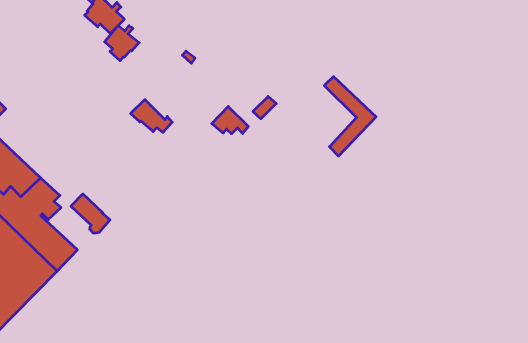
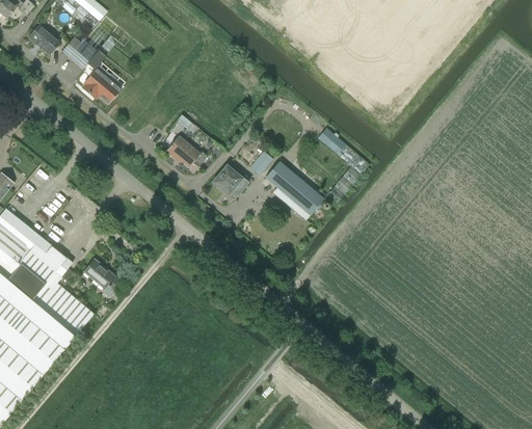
building: [105,26,139,61] -> none
building: [131,100,172,132] -> [166,136,207,166]
building: none -> [265,161,323,214]

